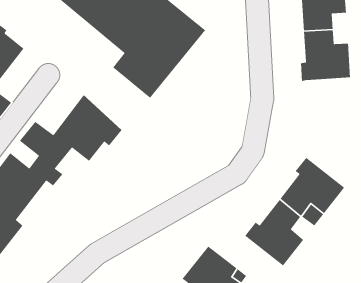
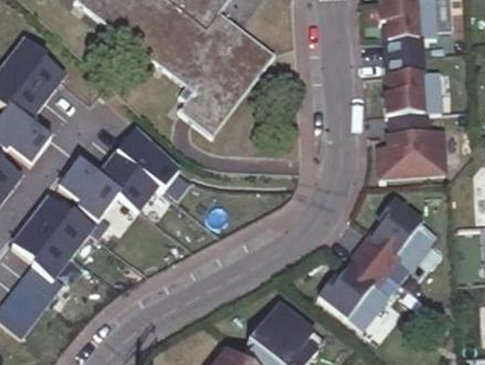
building: none -> [383,111,451,173]

